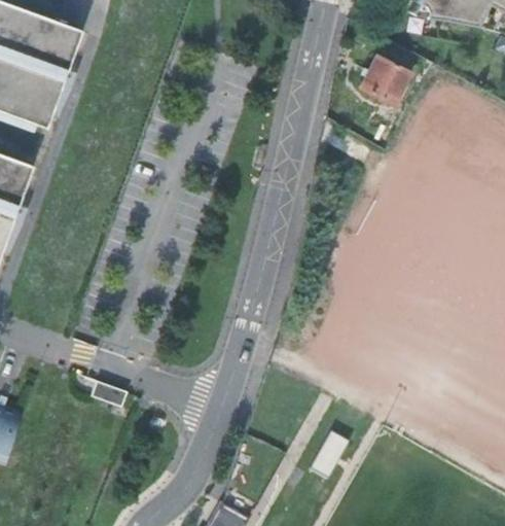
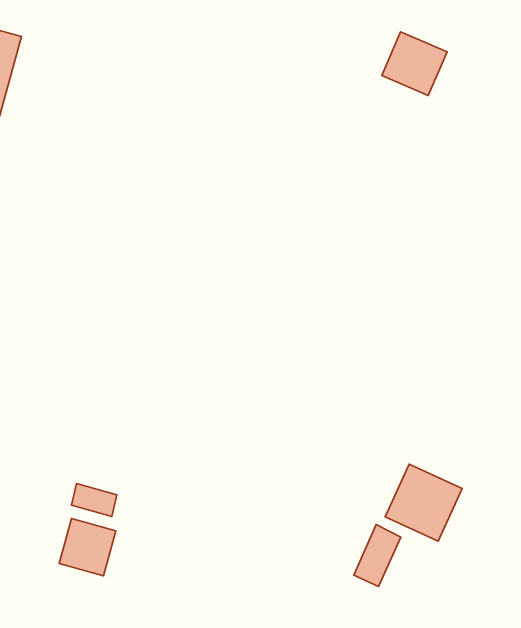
building: none -> [385,464,462,541]
building: none -> [59,519,116,576]

